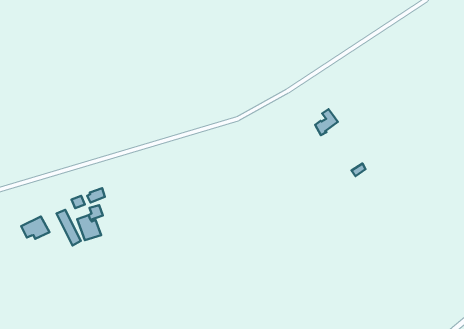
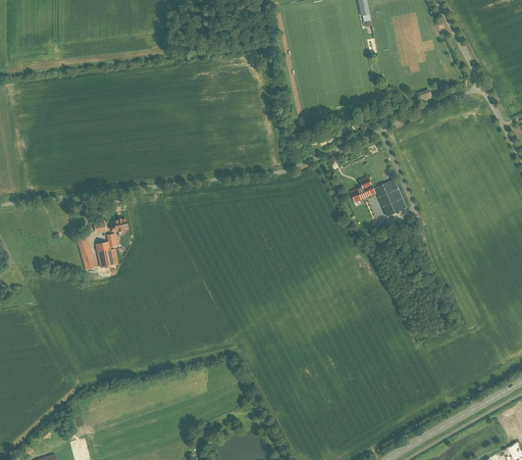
building: none -> [376,180,406,216]
building: [21,216,50,239] -> none

